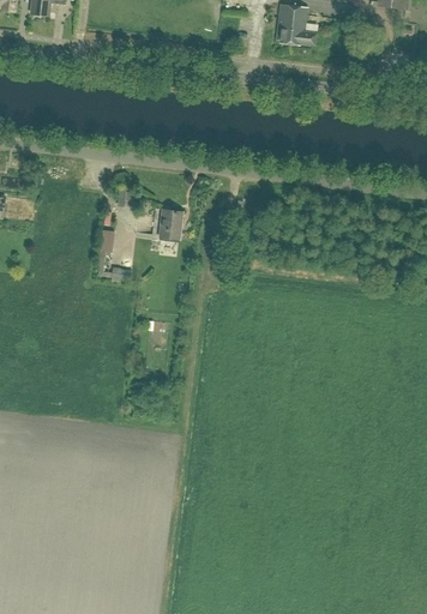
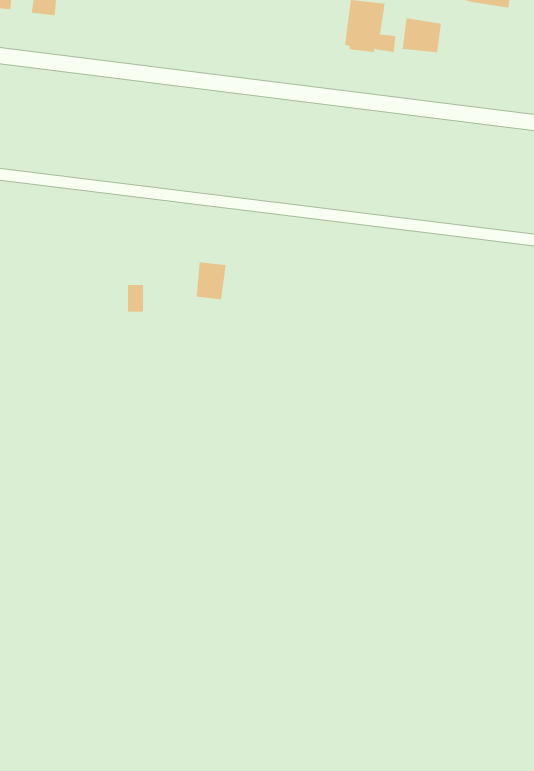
building: none -> [402,18,441,53]

